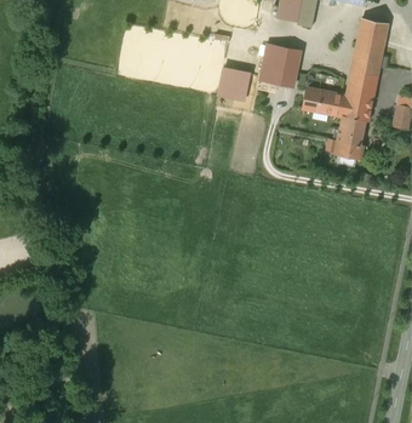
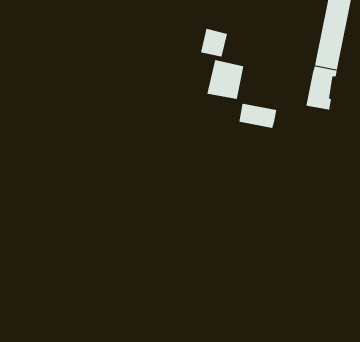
building: [259,44,301,87] -> [207,60,244,99]
building: [304,88,347,116] -> [238,103,277,129]

